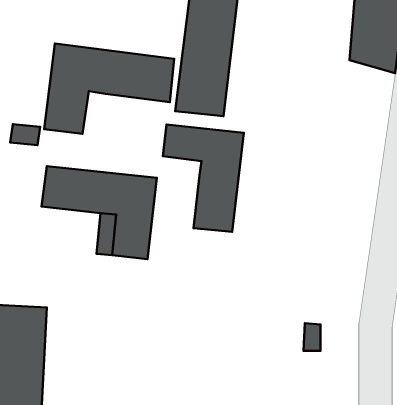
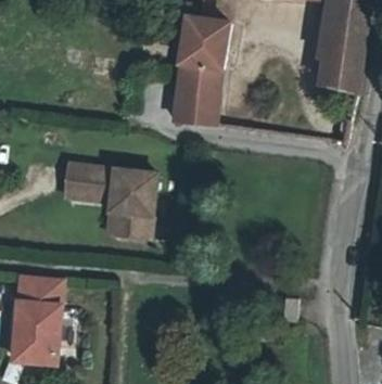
building: [44,43,174,134] -> none
building: [163,124,244,232] -> none

